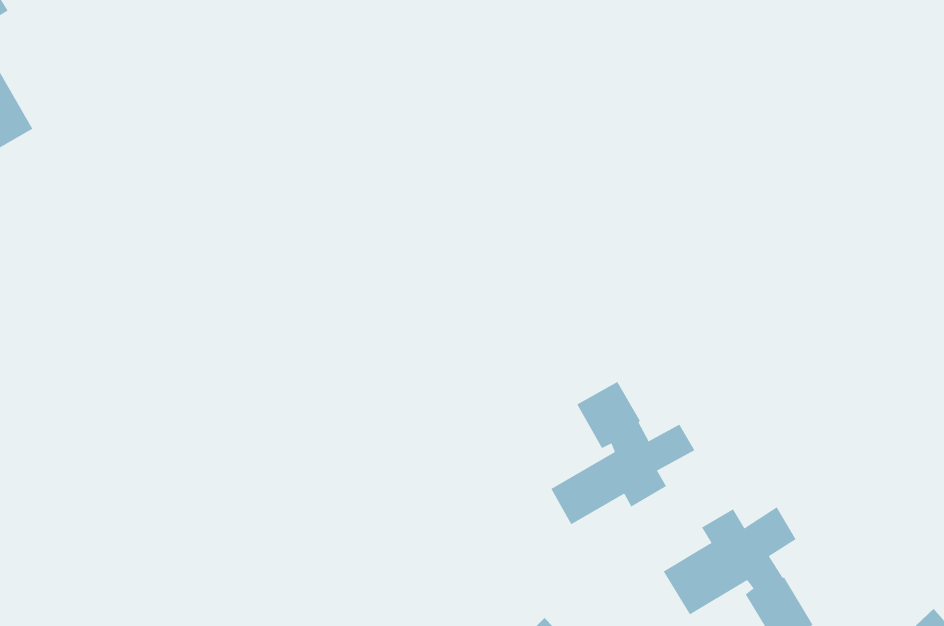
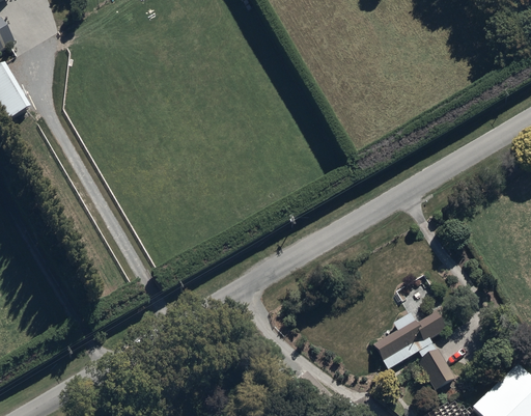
building: [551,381,695,525] -> none

